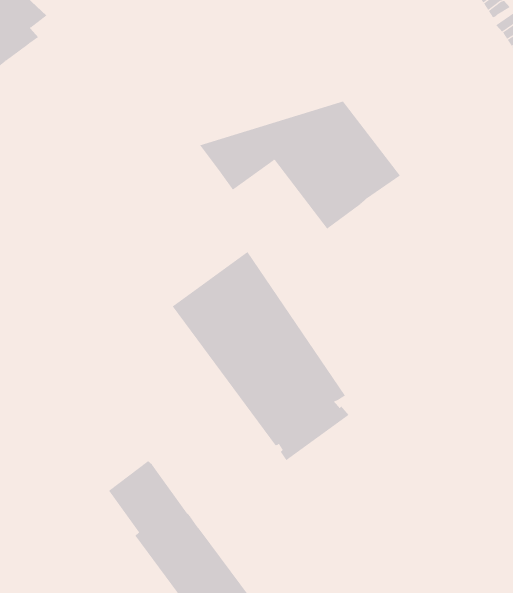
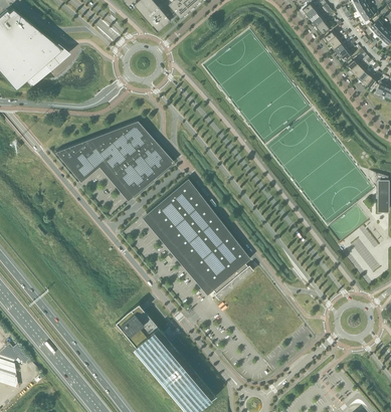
building: [199,101,401,229] -> [55,122,174,197]

